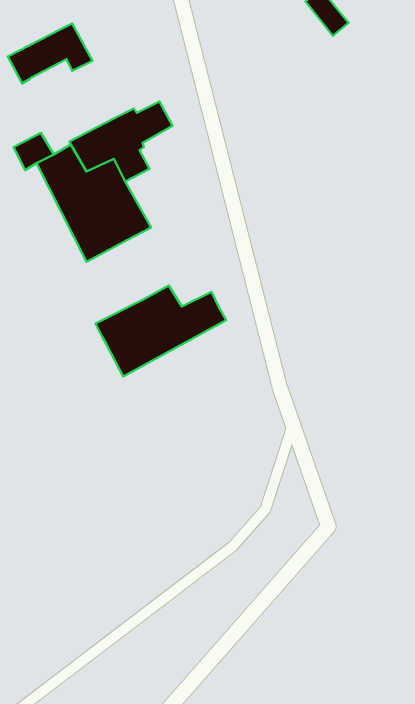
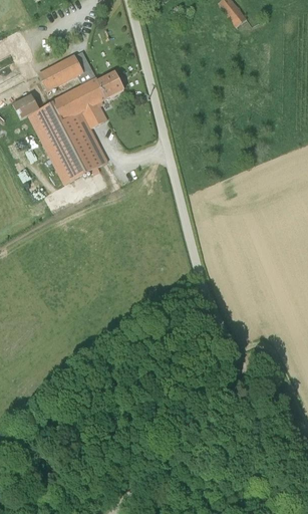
building: [8,24,92,84] -> [37,50,96,92]
building: [95,285,226,377] -> none

